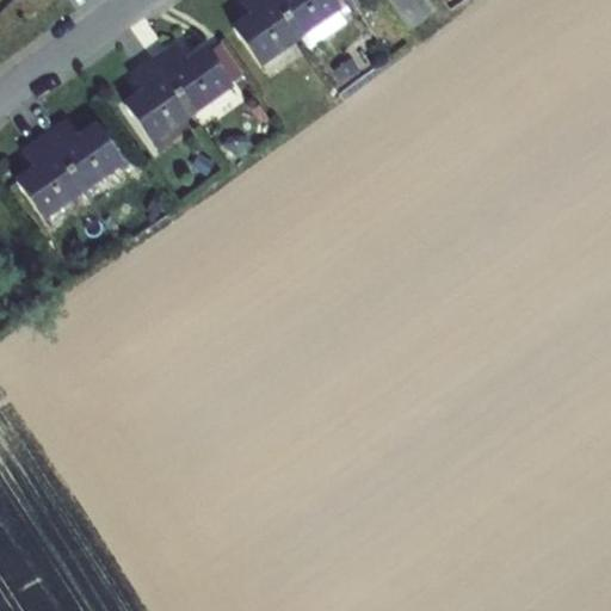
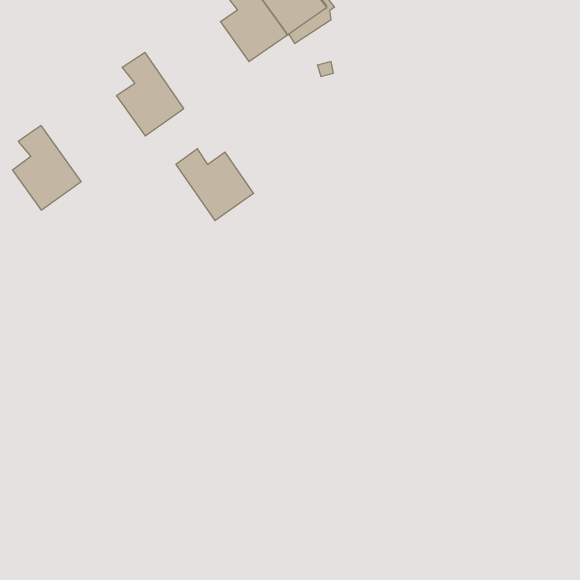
building: [155,38,236,113] -> [176,149,254,221]
building: [47,115,128,190] -> none

